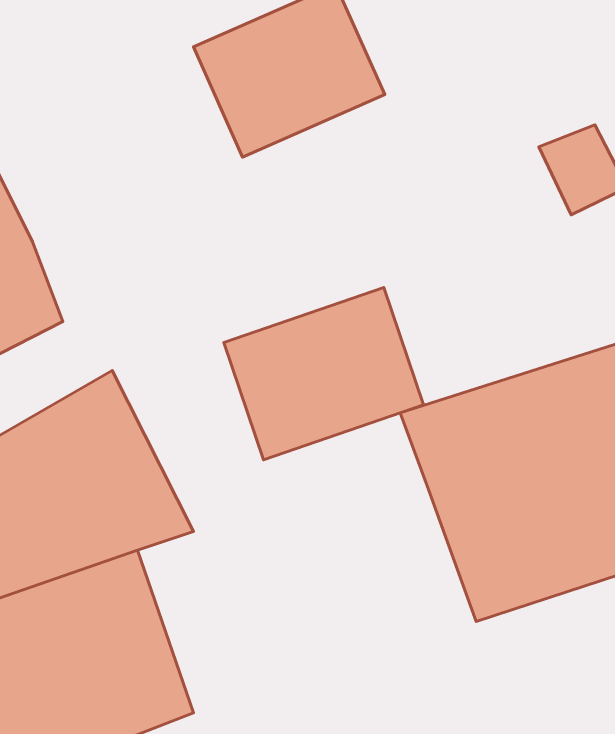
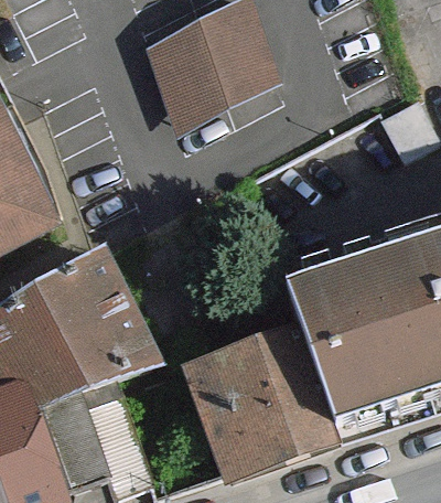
building: [224,288,423,460] -> none
building: none -> [185,329,336,465]

